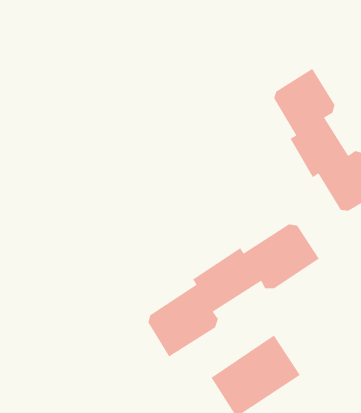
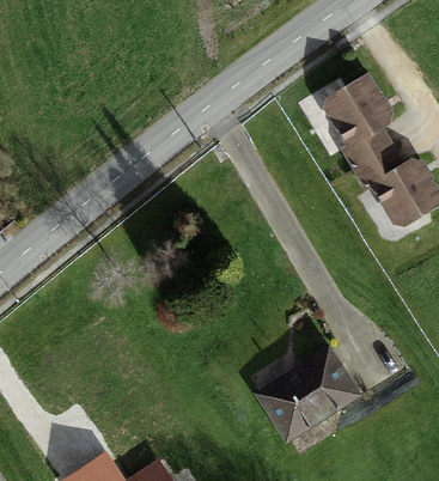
building: [147,224,320,358] -> none

